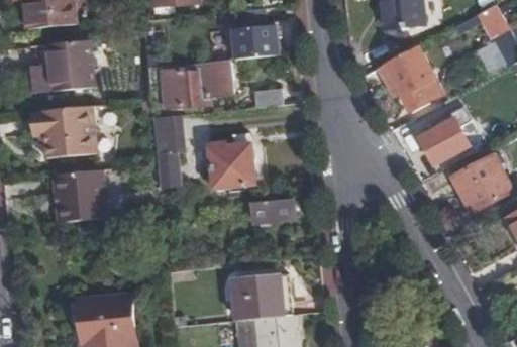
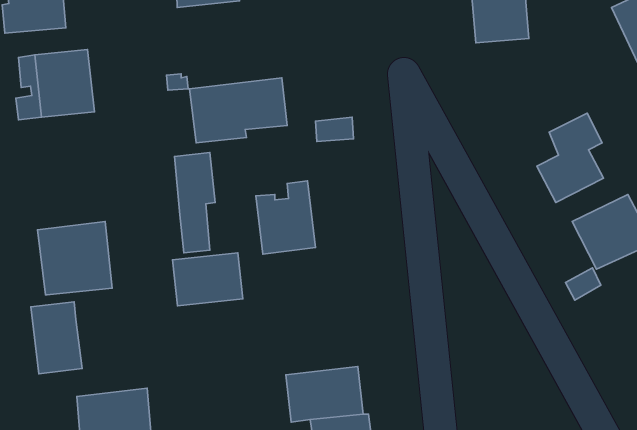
building: [231,10,281,64] -> none
building: [388,36,432,101] -> none
building: [36,107,96,158] -> none
building: none -> [172,253,243,306]
building: [254,199,296,224] -> none
building: none -> [31,302,82,374]

